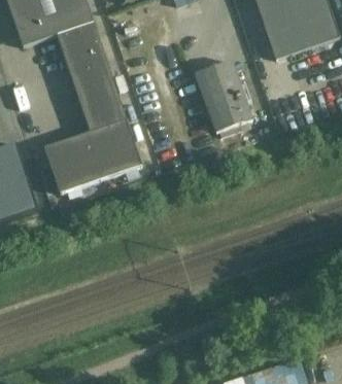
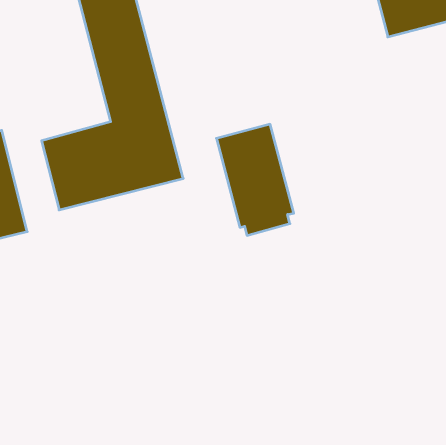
building: [196,61,252,138] -> [216,124,294,235]

